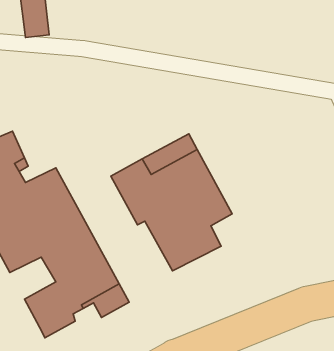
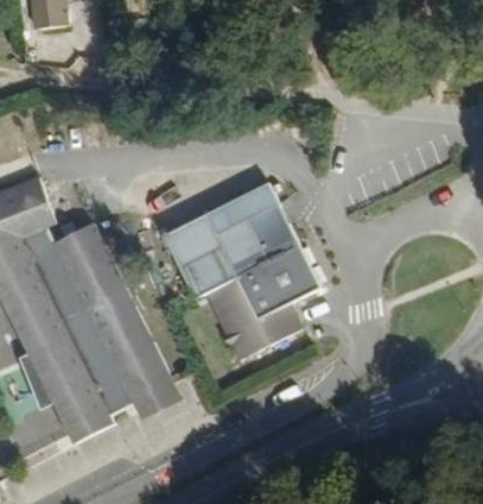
building: none -> [30,339,89,393]

